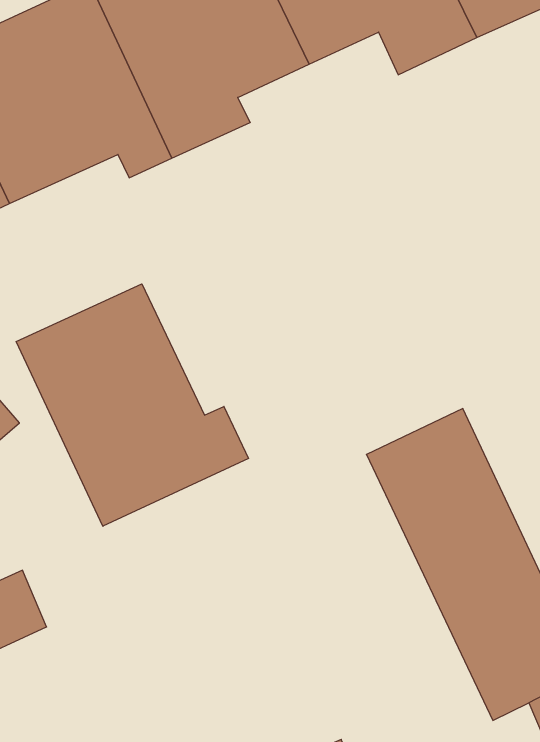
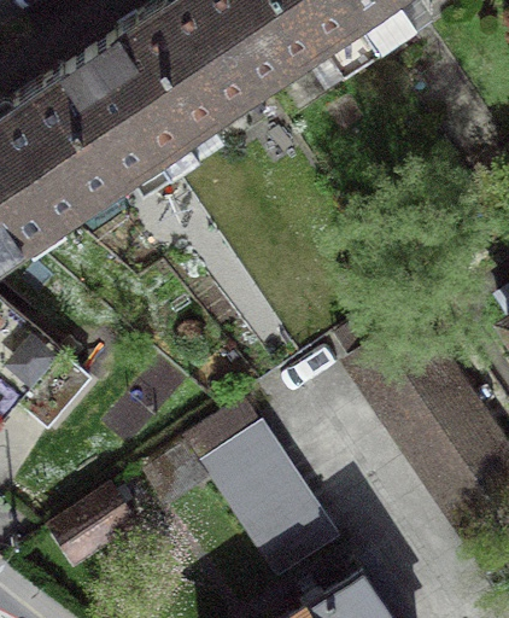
building: [16,284,249,526] -> none
building: none -> [201,421,338,576]

